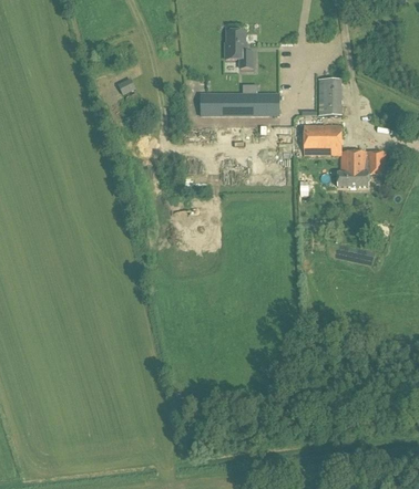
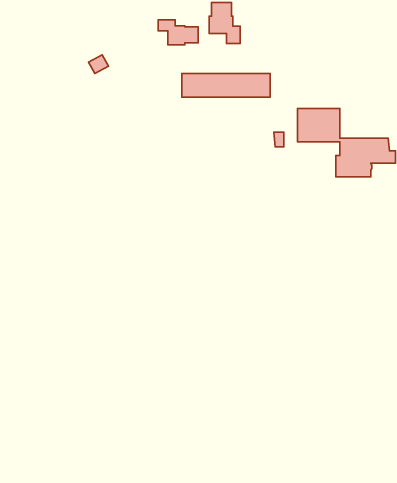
building: none -> [158,20,198,45]
building: [319,79,341,114] -> none

